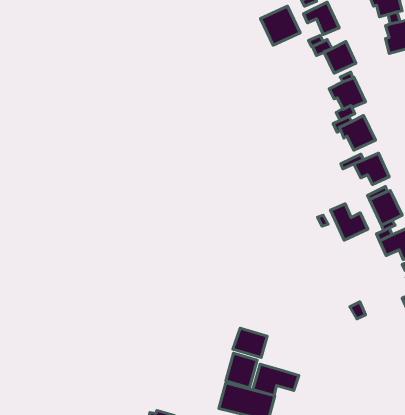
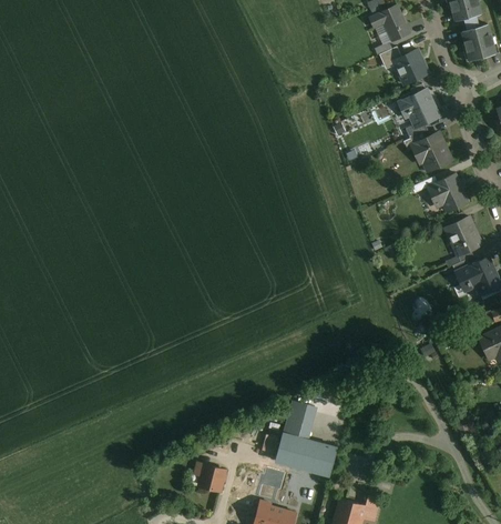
building: [261,6,300,45] -> none
building: [331,204,368,240] -> none
building: [233,328,267,357] -> none
building: [253,364,299,395] -> none

